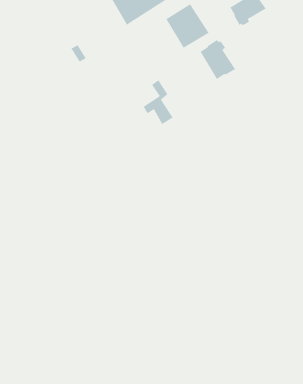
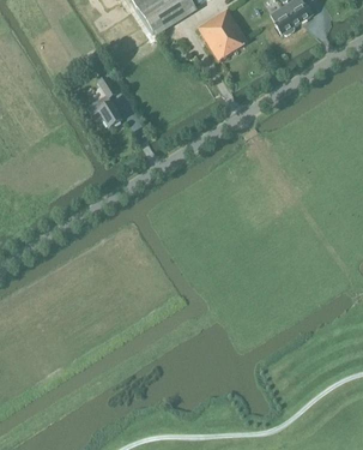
building: [200,39,236,80] -> none
building: [143,79,173,125] -> [87,74,122,126]

